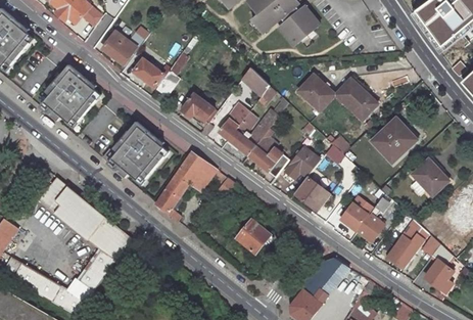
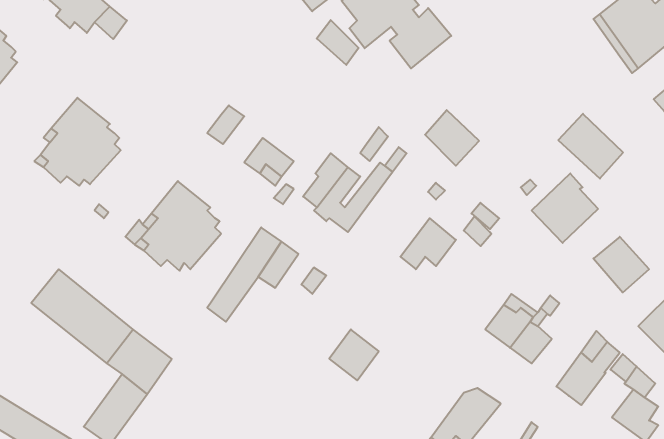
building: [102,31,136,64] -> none
building: [129,54,163,88] -> none
building: [241,66,269,96] -> [317,20,359,65]
building: [335,77,378,120] -> [558,114,623,179]
building: [248,137,288,177] -> none
building: [294,177,327,209] -> none

